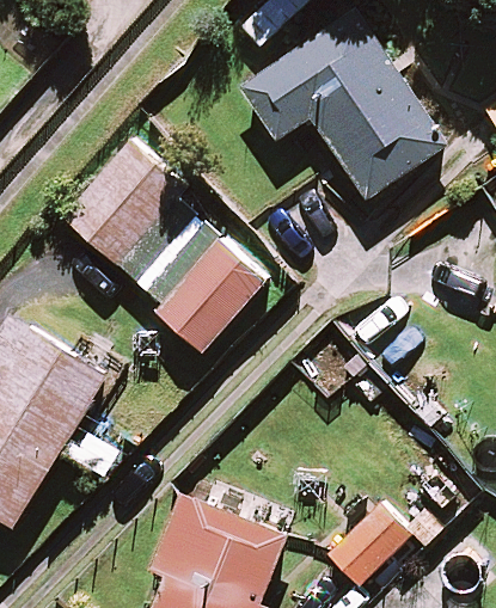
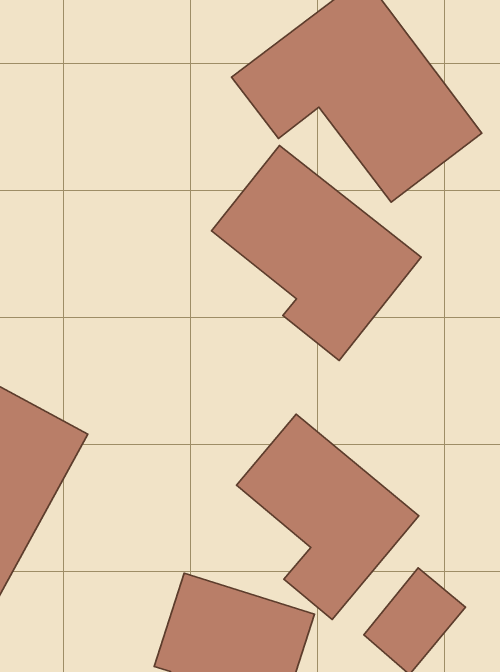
building: [94,174,265,354] -> [211,145,421,361]
building: none -> [237,414,419,620]

